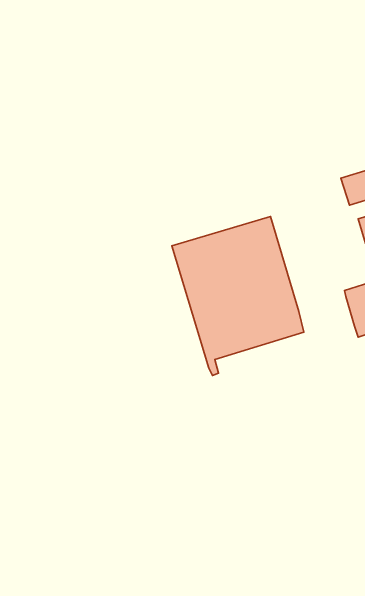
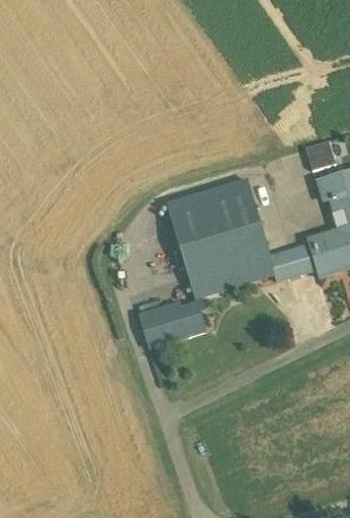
building: none -> [270,244,316,280]
building: none -> [139,301,205,347]

